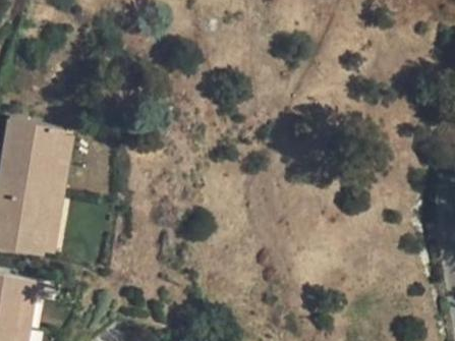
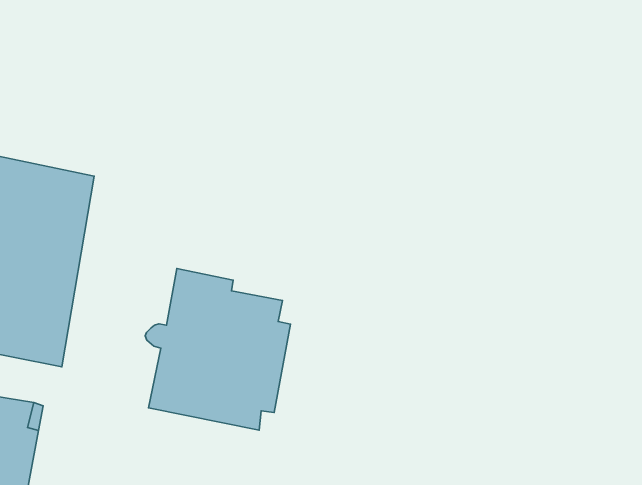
building: none -> [145,269,291,430]

